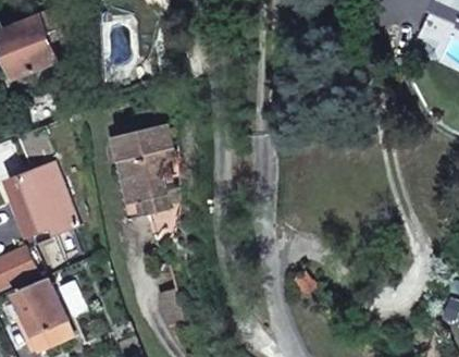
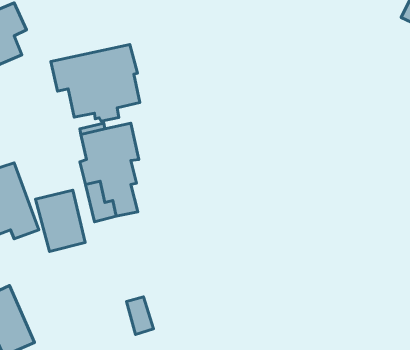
building: none -> [51,44,140,121]
building: none -> [35,190,85,251]

